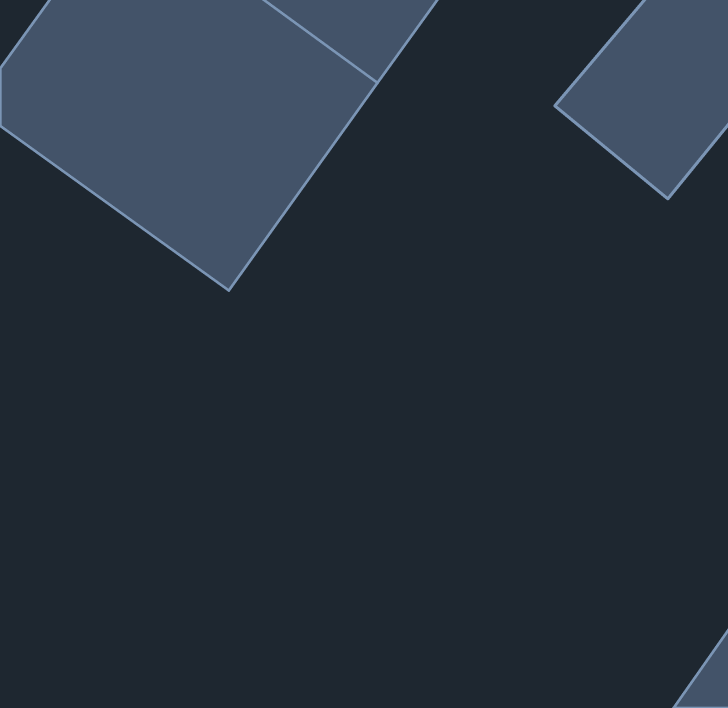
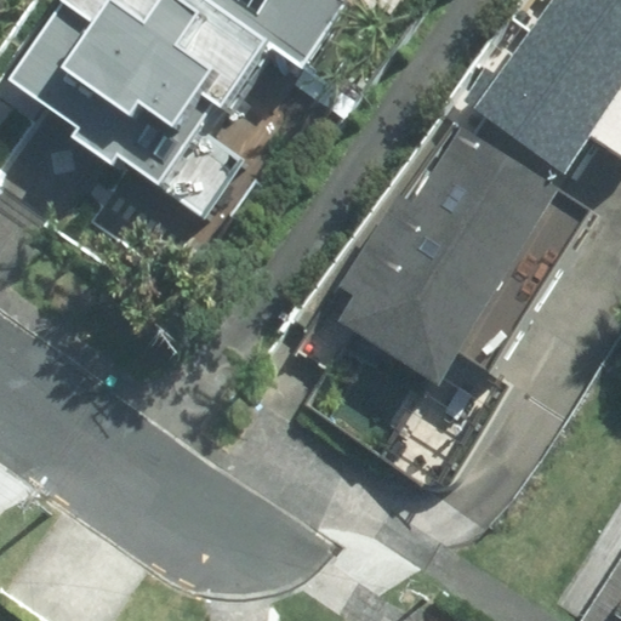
building: none -> [329,119,559,380]

